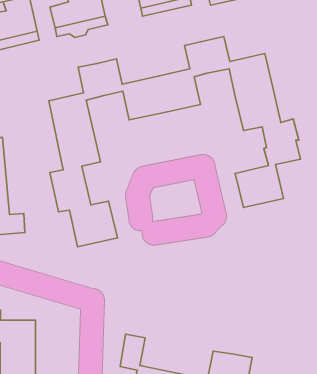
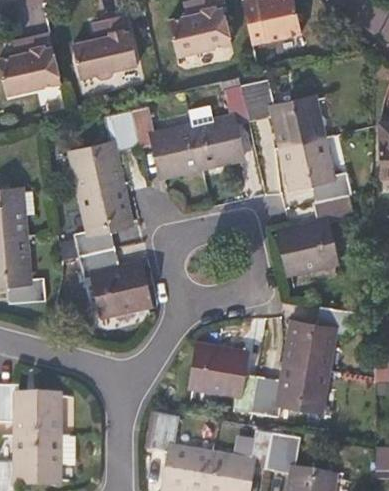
building: none -> [192,307,355,416]

